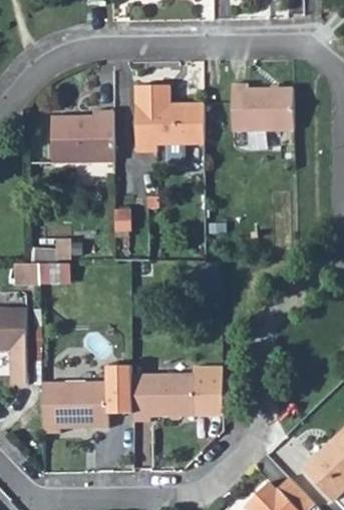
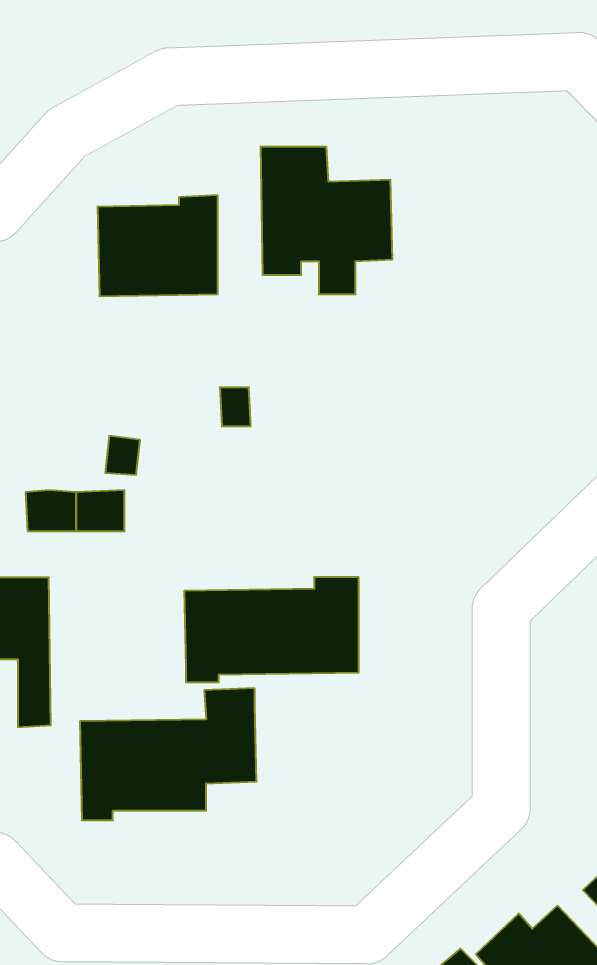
building: [231,84,294,131] -> none
building: [132,367,223,421] -> [184,577,359,682]

